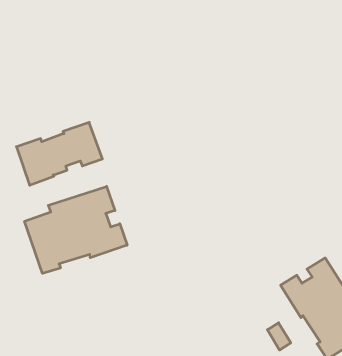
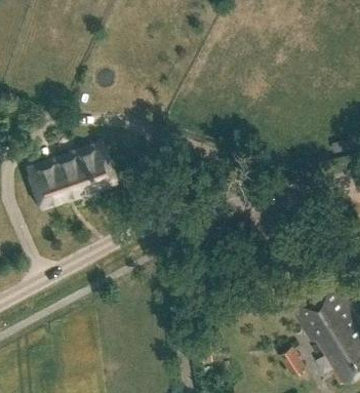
building: [25,186,127,273] -> none

